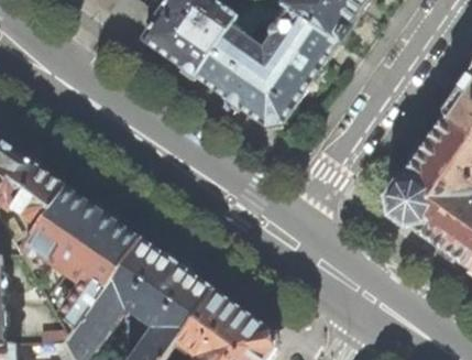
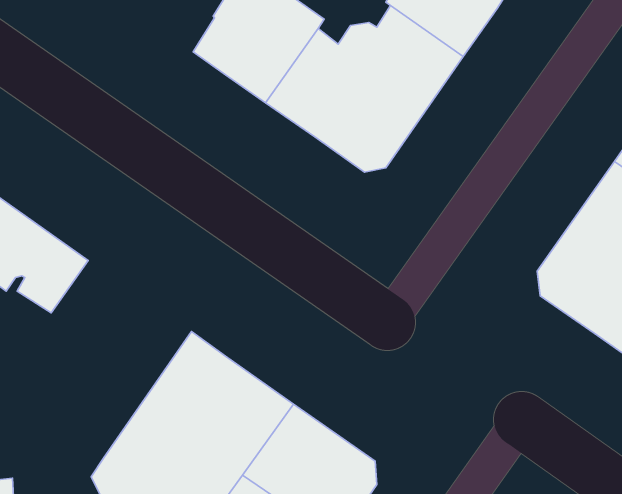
building: [23,188,141,329] -> none

